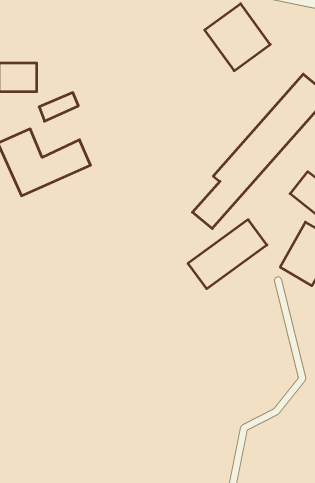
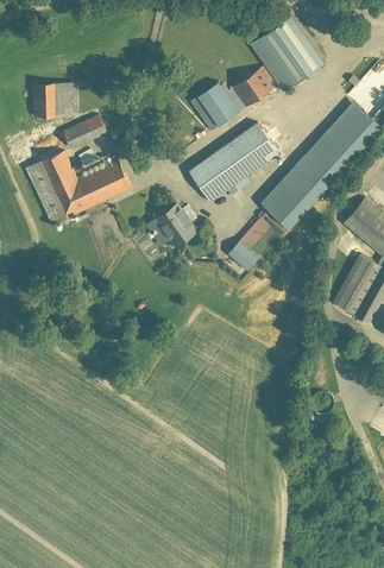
building: none -> [189,69,275,134]
building: none -> [147,207,195,254]
building: [188,220,267,289] -> [189,126,275,201]

